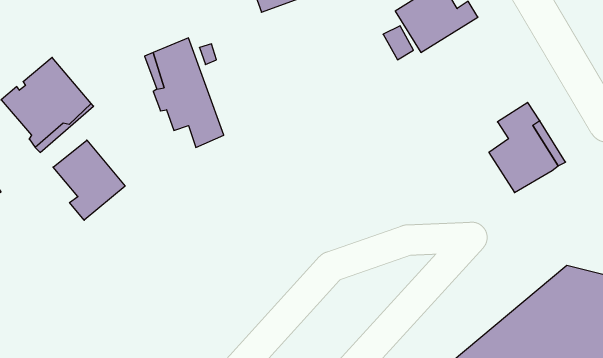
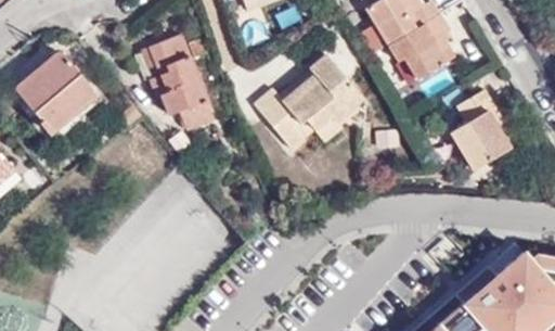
building: none -> [390,16,455,82]
building: none -> [255,49,364,150]
building: [53,140,125,220] -> none

